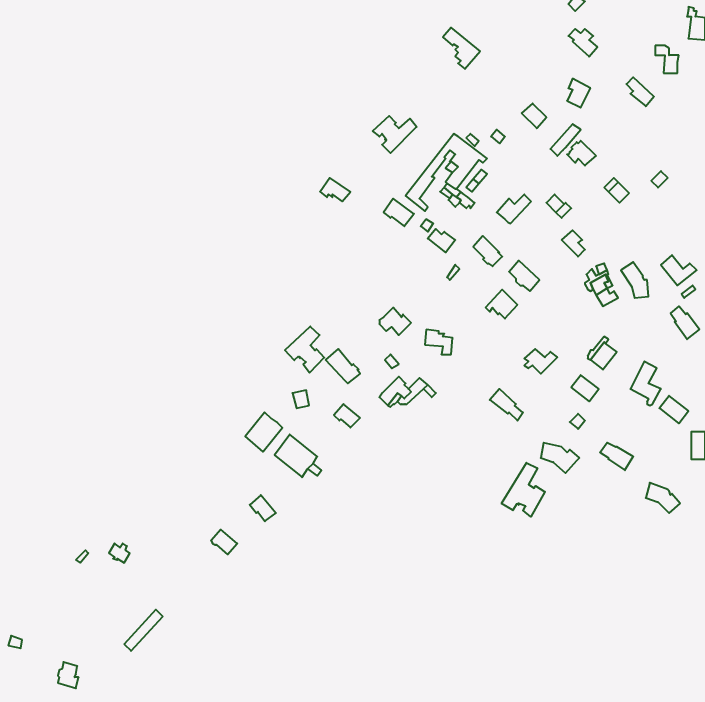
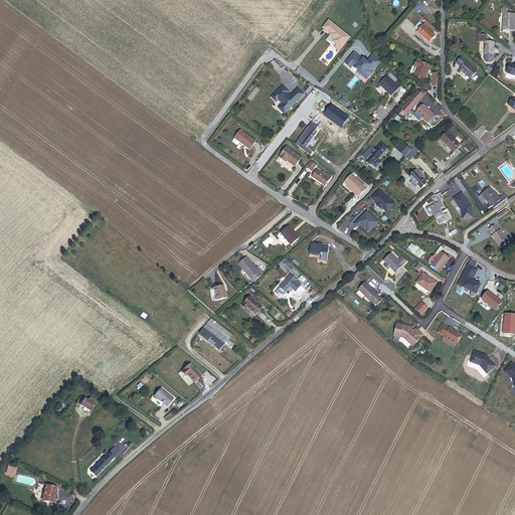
building: none -> [345,52,380,78]
building: [285,326,324,373] -> none
building: [245,412,282,452] -> none
building: [502,463,545,517] -> none

